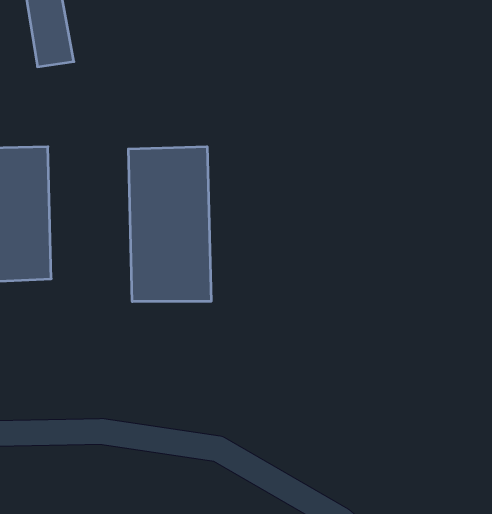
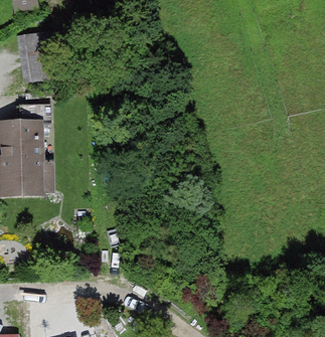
building: [128,147,211,302] -> none

